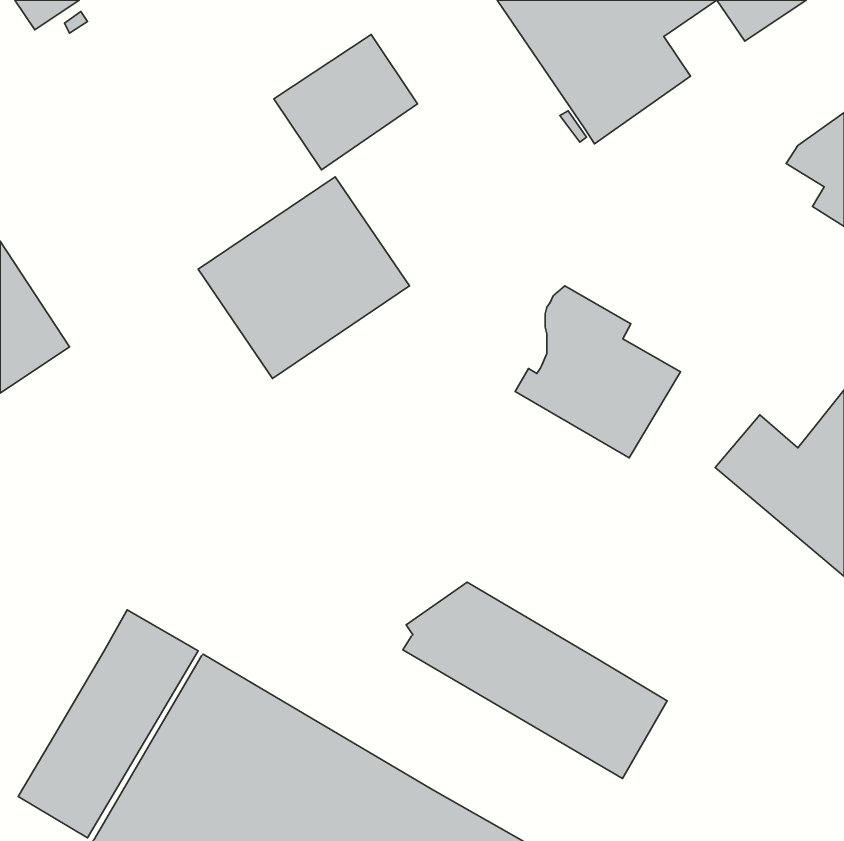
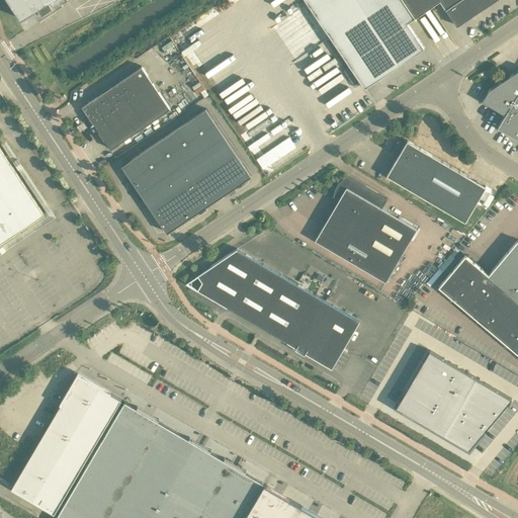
building: [274,34,417,170] -> [82,68,170,151]
building: none -> [386,142,486,224]
building: none -> [397,351,512,451]
building: [403,582,667,779] -> [197,250,359,370]

